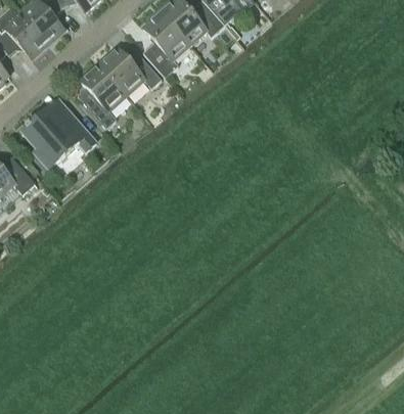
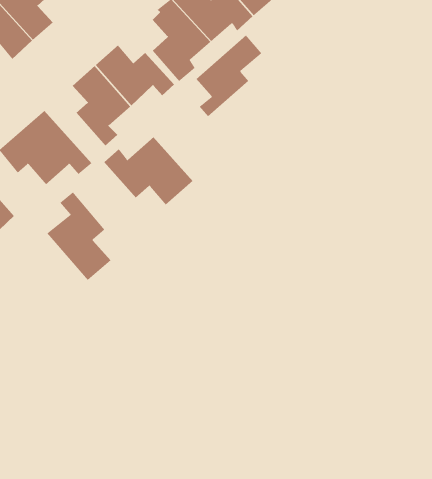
building: none -> [195,35,262,117]
building: none -> [103,137,193,206]
building: none -> [46,191,111,281]

